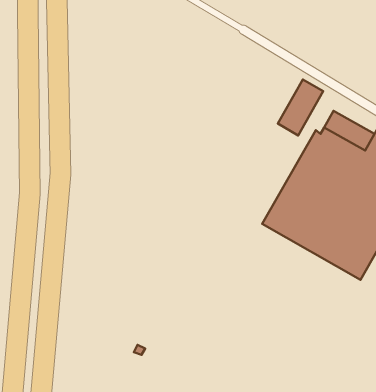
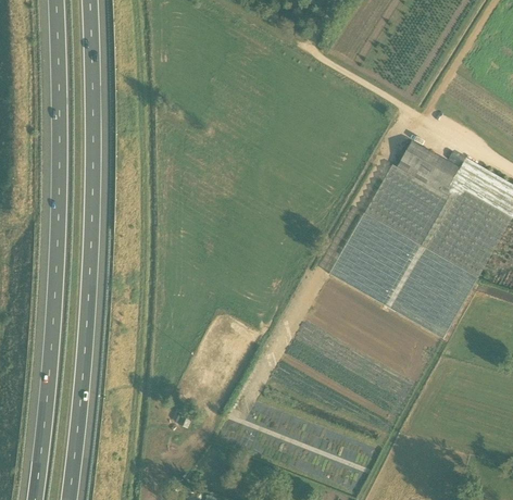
building: [278,79,323,135] -> none

